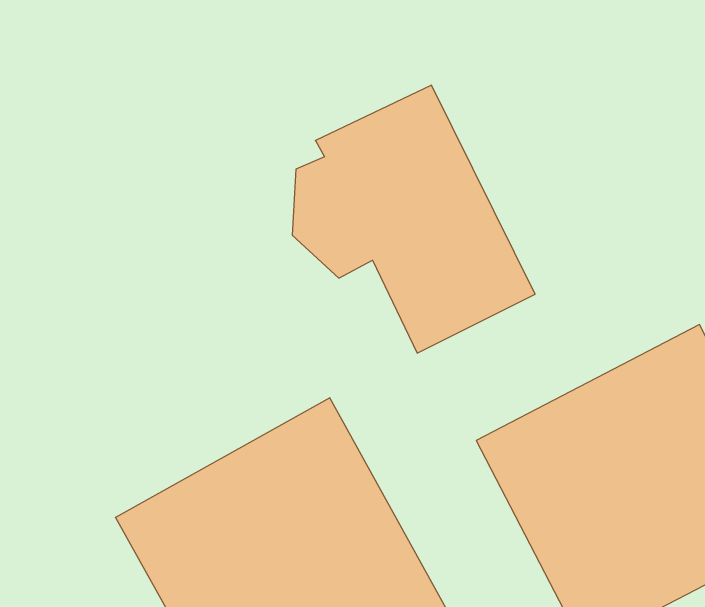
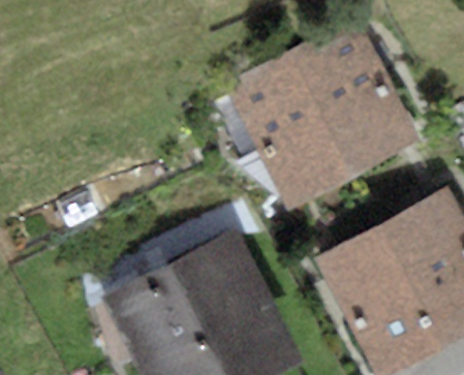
building: none -> [291,19,417,173]

